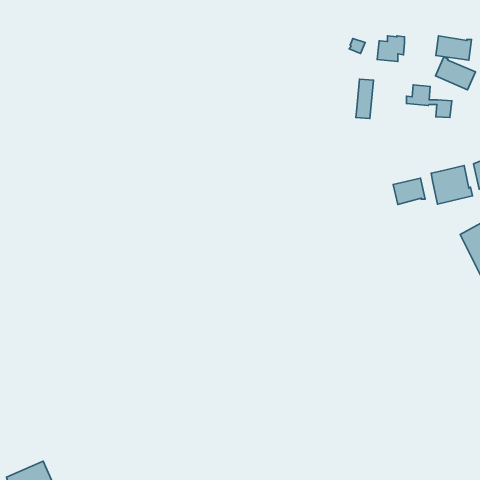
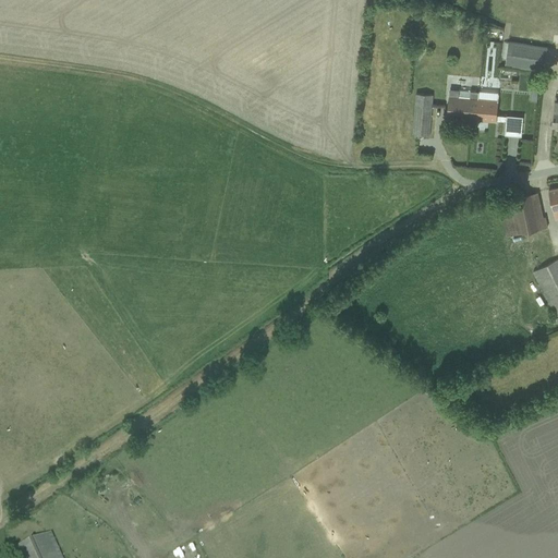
building: [377,36,404,61] -> [448,92,480,121]
building: [435,57,476,90] -> none
building: [393,178,425,205] -> none

